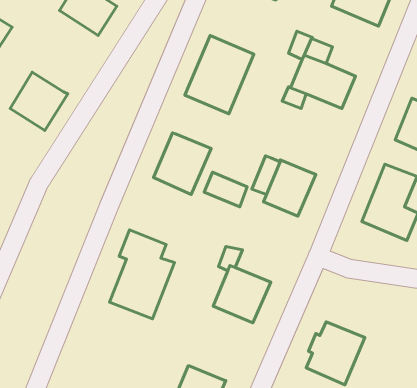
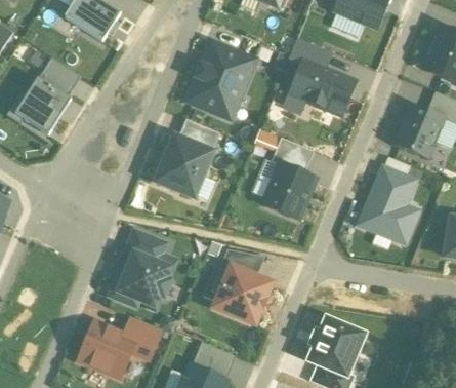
building: none -> [37,55,80,95]
building: none -> [271,135,314,172]
building: [204,172,247,207] -> [177,117,219,151]
building: none -> [82,318,161,379]
building: none -> [191,340,235,379]

